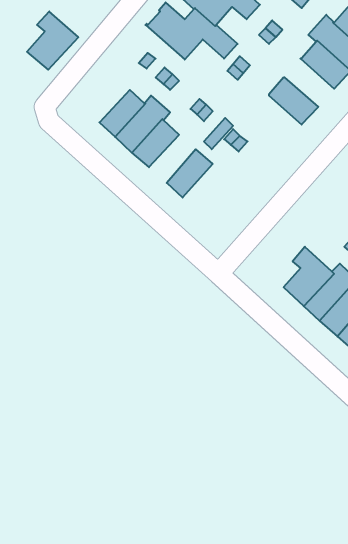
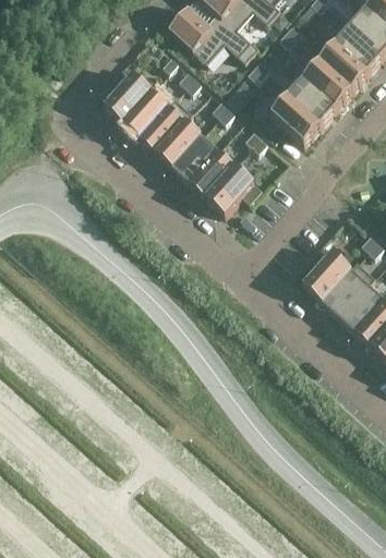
building: [27,11,78,70] -> [102,66,153,123]
building: none -> [294,53,351,108]
building: none -> [263,88,319,144]
building: none -> [171,135,217,182]
building: none -> [204,163,261,215]

